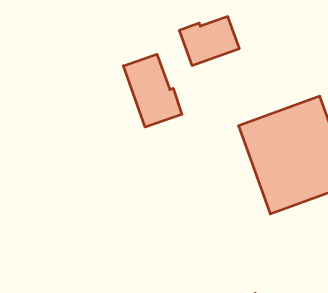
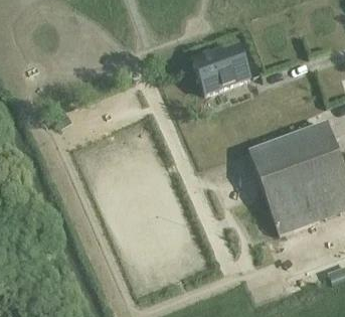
building: [123,54,182,127] -> none

